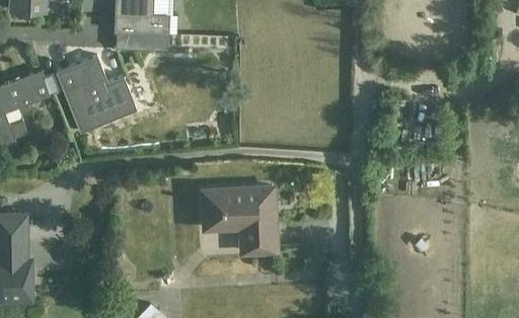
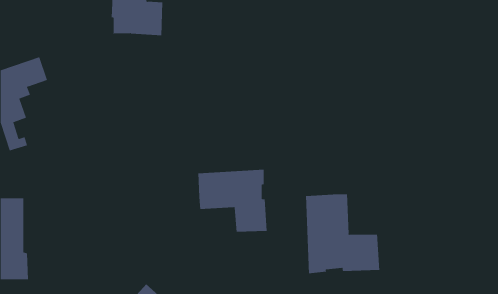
building: [57,56,137,132] -> none
building: none -> [305,194,380,274]

